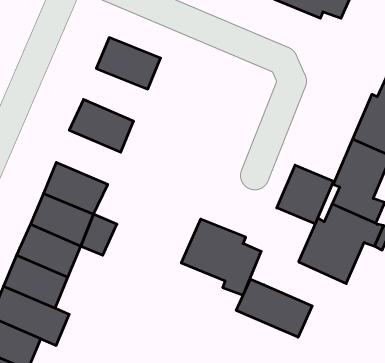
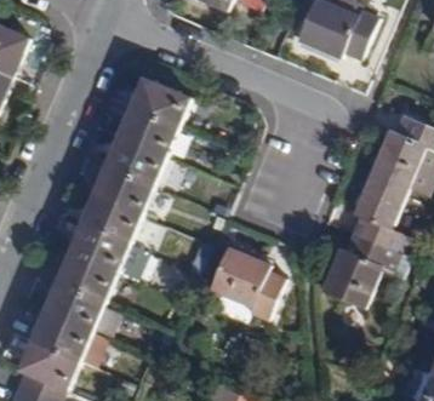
building: none -> [116,105,177,155]
building: none -> [91,164,152,214]
building: [277,165,334,224] -> none
building: [236,279,312,337] -> none

